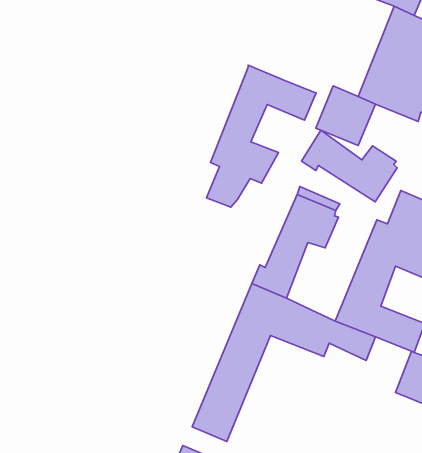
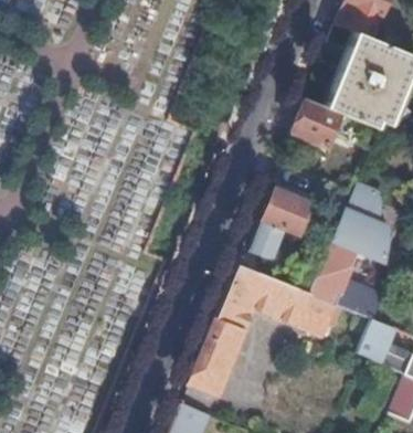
building: [207,65,316,207] -> none
building: [301,130,397,202] -> none

